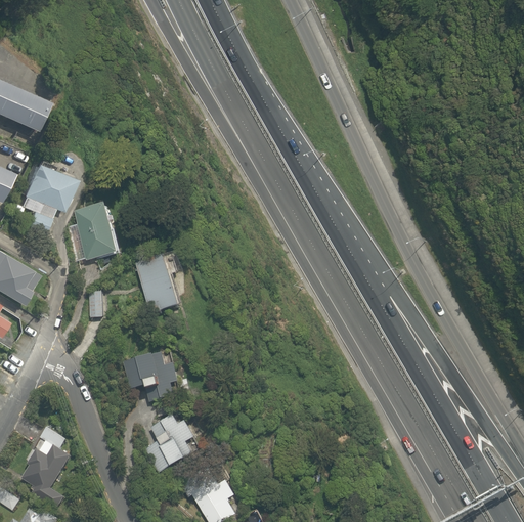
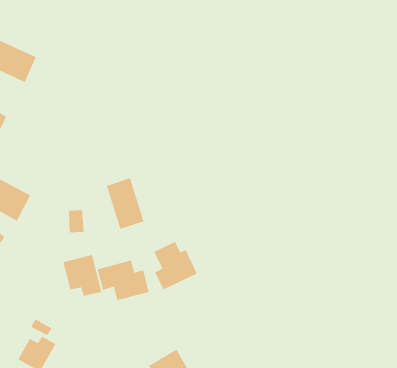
building: [18,161,74,226] -> none
building: [73,202,121,261] -> none
building: none -> [62,254,102,297]
building: [148,410,204,472] -> [153,241,198,290]

